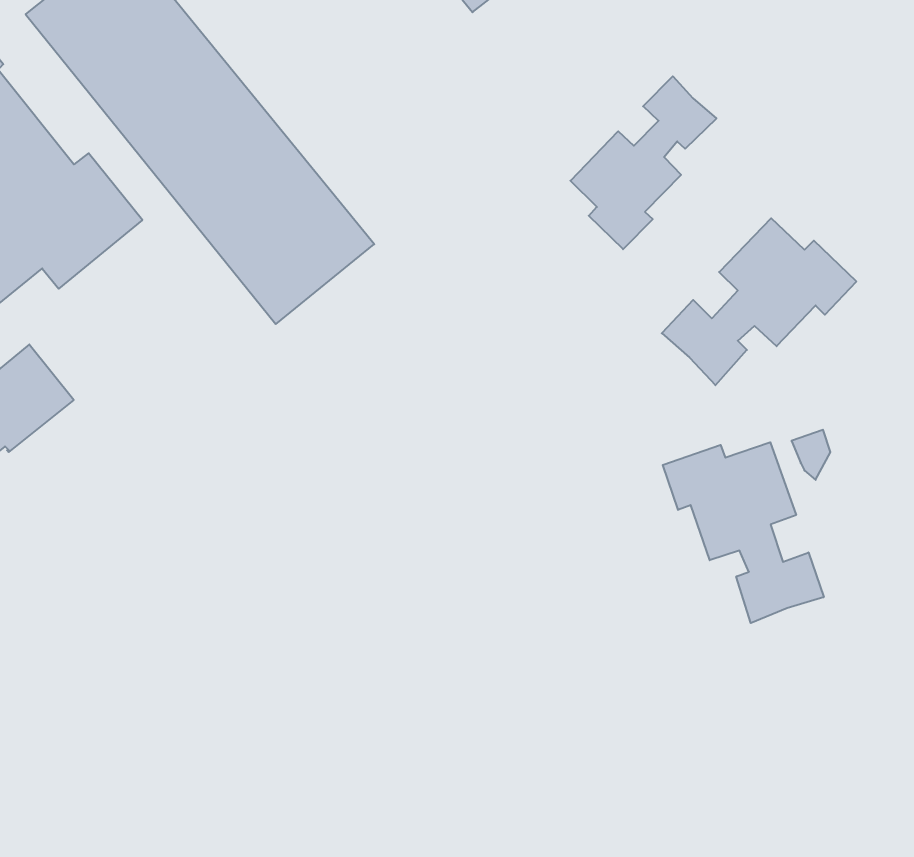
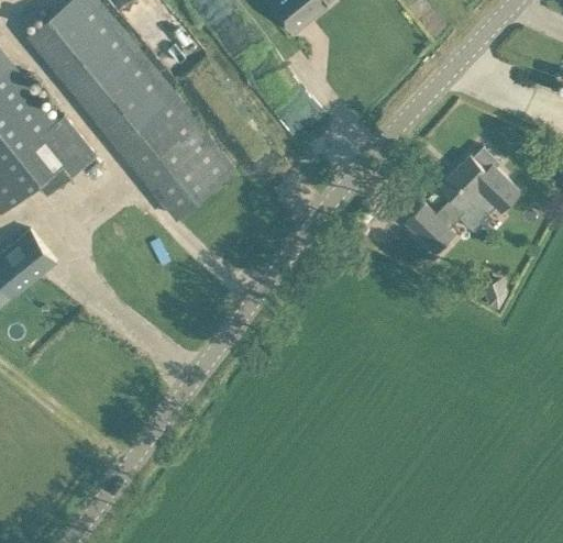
building: [570,76,716,249] -> none
building: [663,442,824,623] -> none

